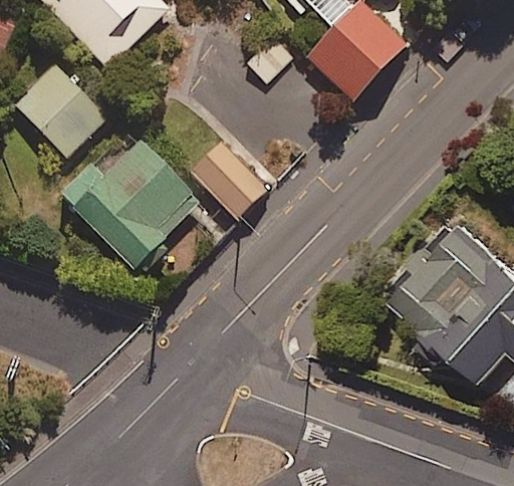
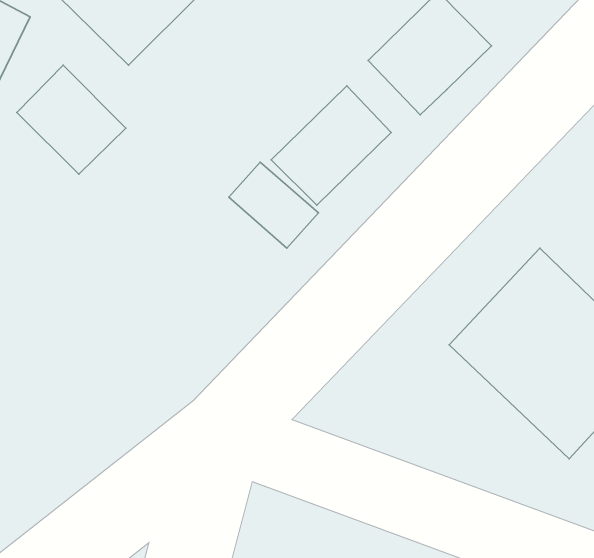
building: none -> [271,86,391,205]
building: [56,139,200,274] -> none

